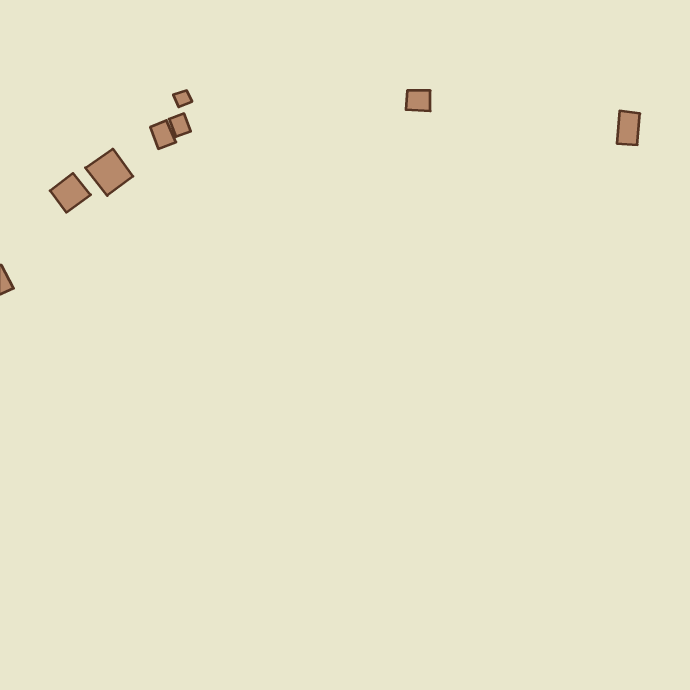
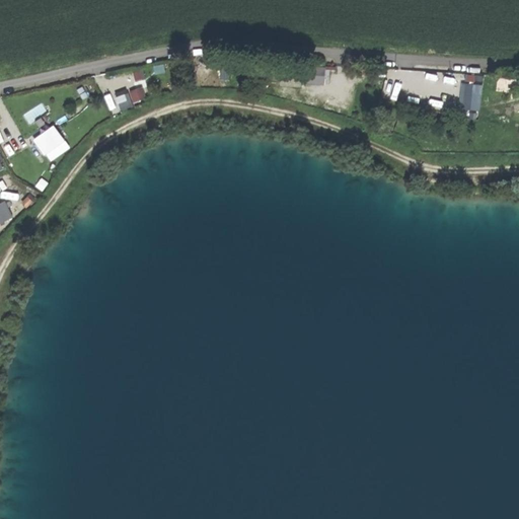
building: [85,149,133,196] -> none

